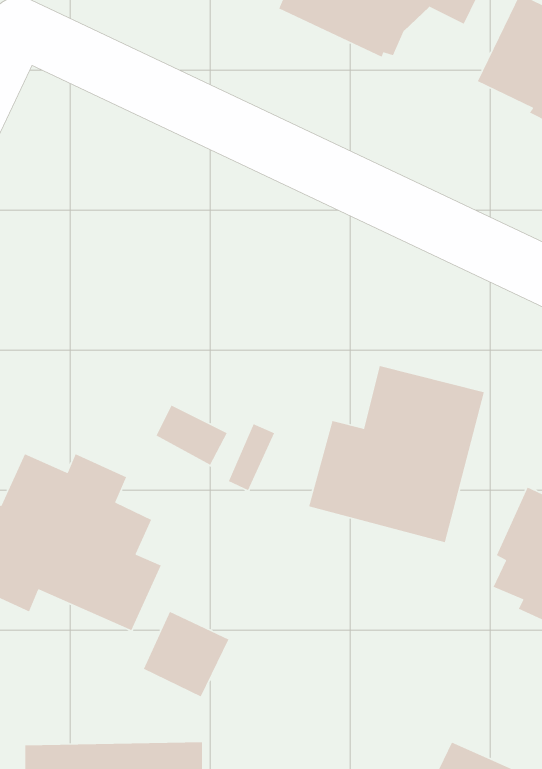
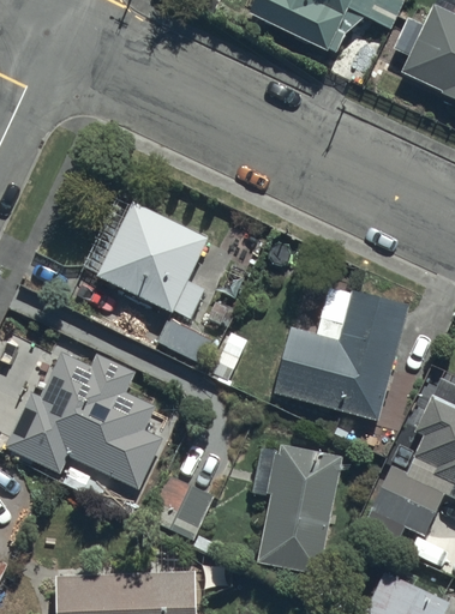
building: none -> [79,199,208,318]
building: none -> [255,445,341,574]
building: none -> [360,463,445,542]

